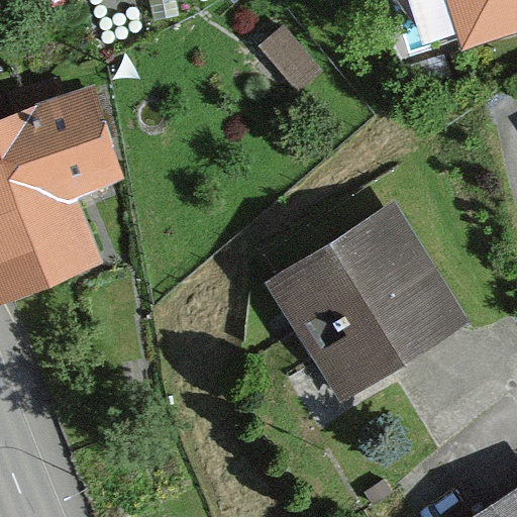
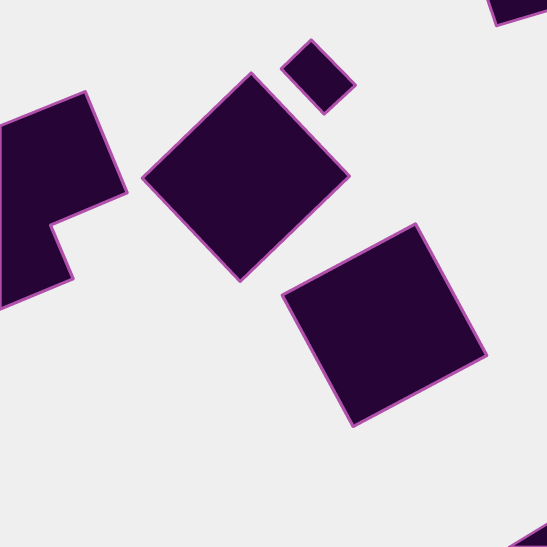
building: none -> [142,73,349,281]

